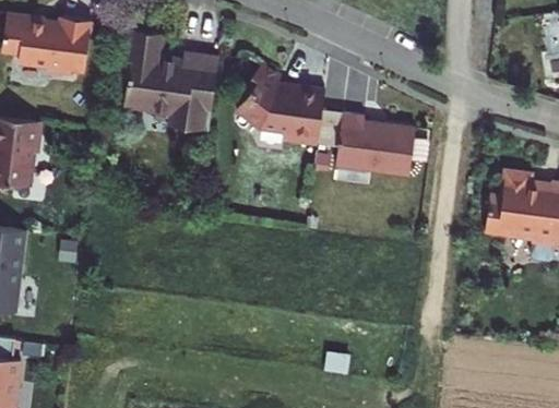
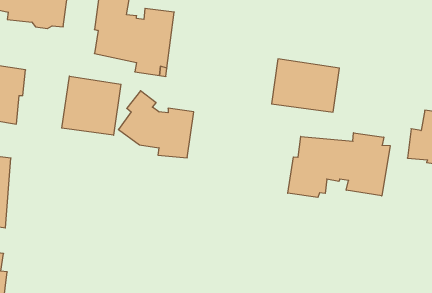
building: [231,63,321,143] -> [118,91,194,158]
building: none -> [62,76,121,135]
building: none -> [288,133,390,197]

